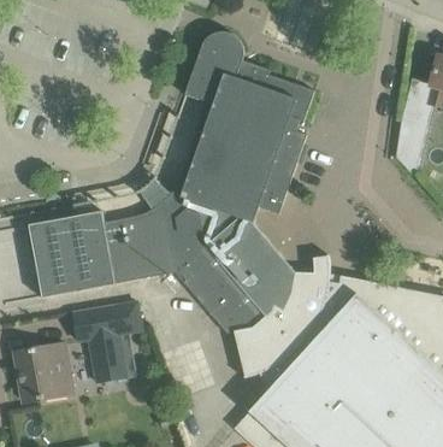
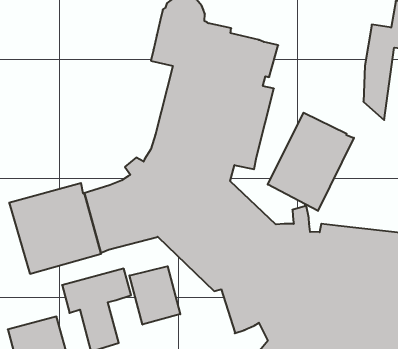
building: none -> [268,113,354,211]
building: none -> [129,266,180,325]

